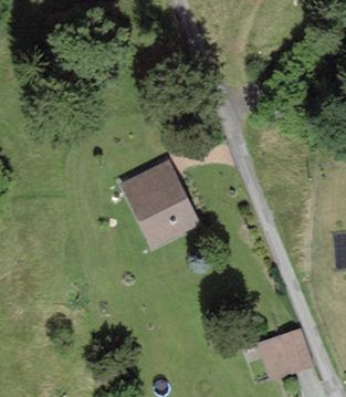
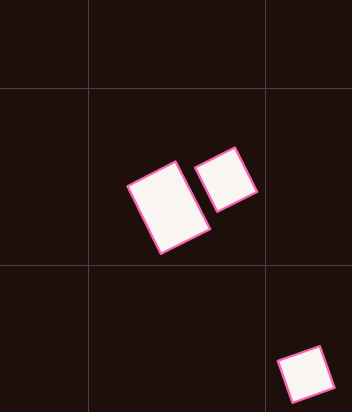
building: none -> [195,148,257,212]

